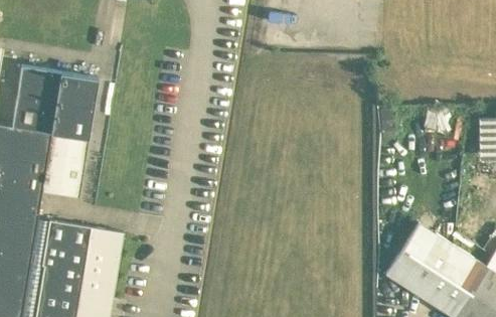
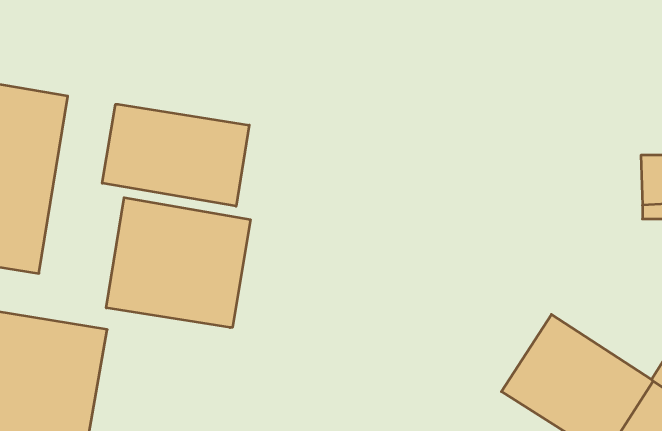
building: none -> [102,104,249,206]
building: none -> [106,198,250,328]

